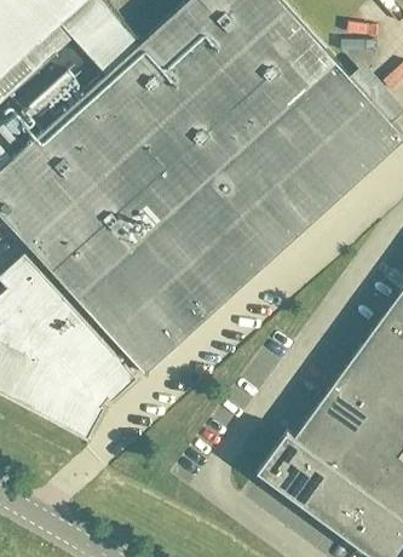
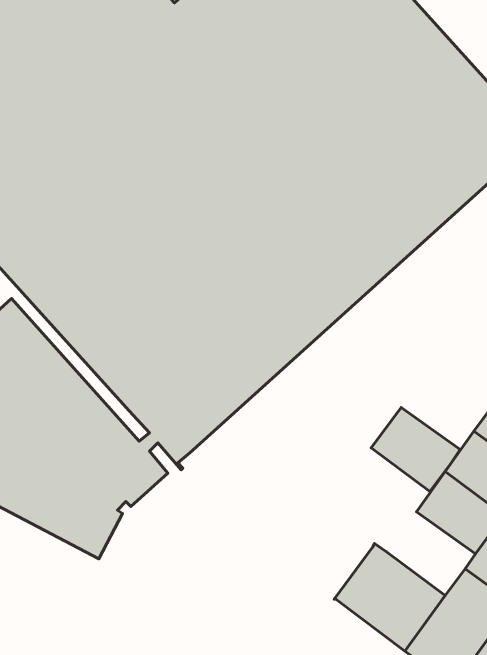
building: [295,408,359,469] -> [371,407,460,491]

